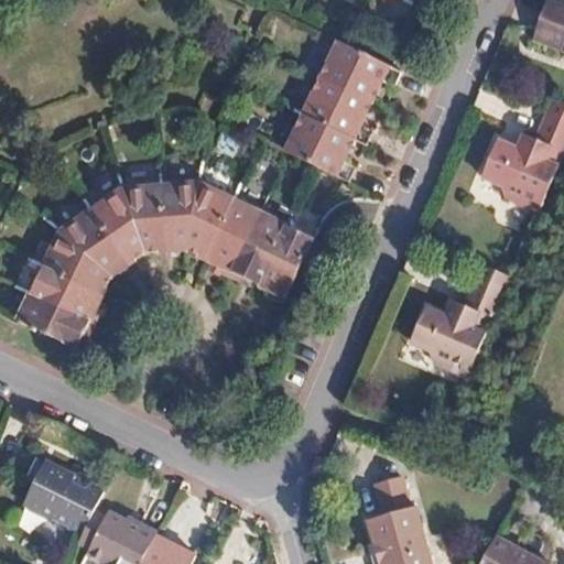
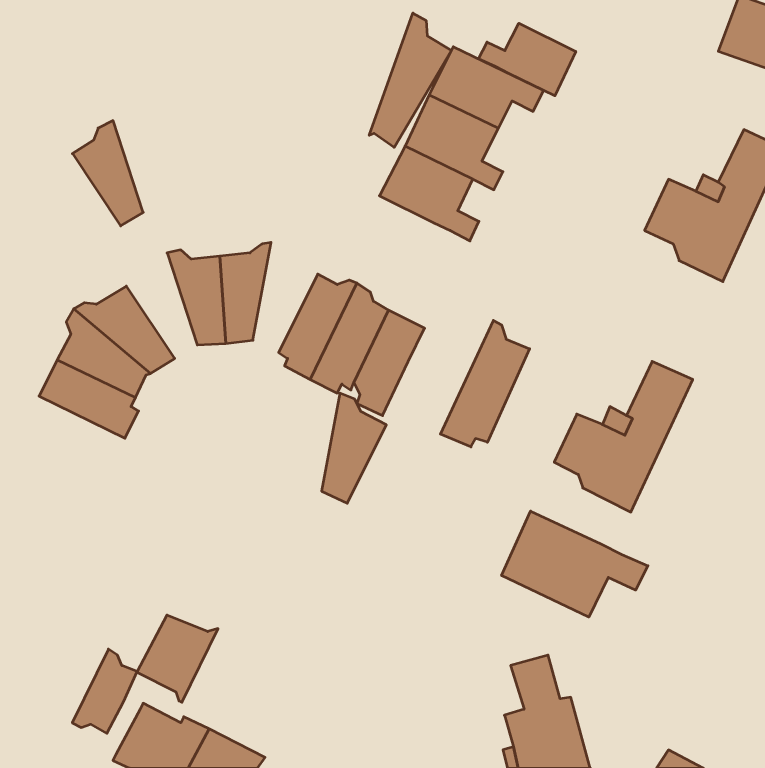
building: none -> [369,13,451,147]
building: none -> [478,23,576,96]
building: [188,177,236,258] -> [322,393,386,503]
building: [96,185,148,262] -> [72,121,143,226]
building: none -> [440,320,530,447]
building: [19,290,95,345] -> none
building: none -> [502,511,648,617]
building: [23,465,83,529] -> [137,615,218,702]

